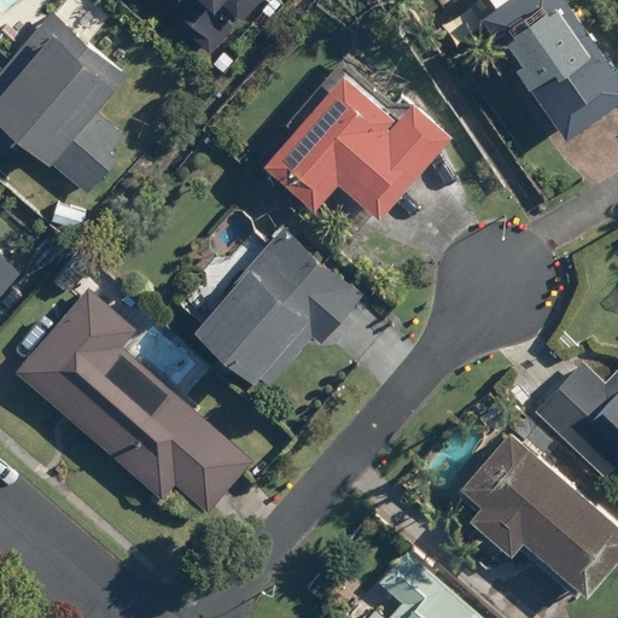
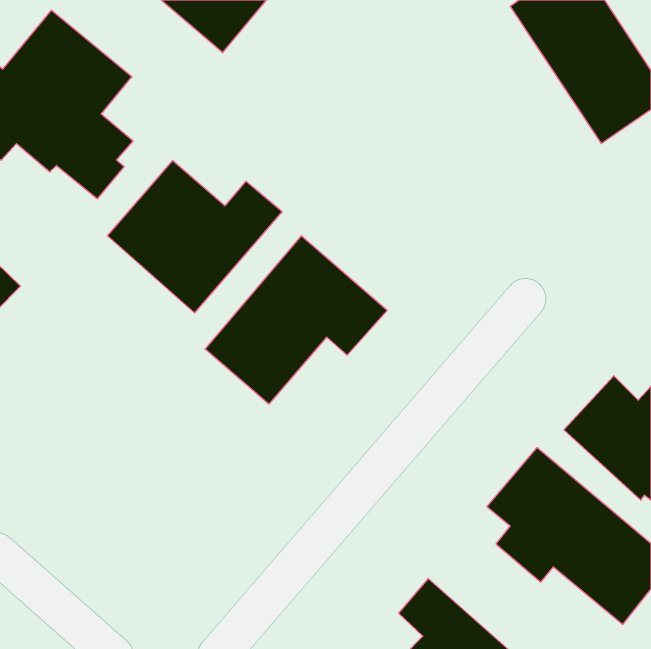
building: [262,77,454,222] -> none
building: none -> [107,160,282,313]
building: [14,292,250,512] -> none

